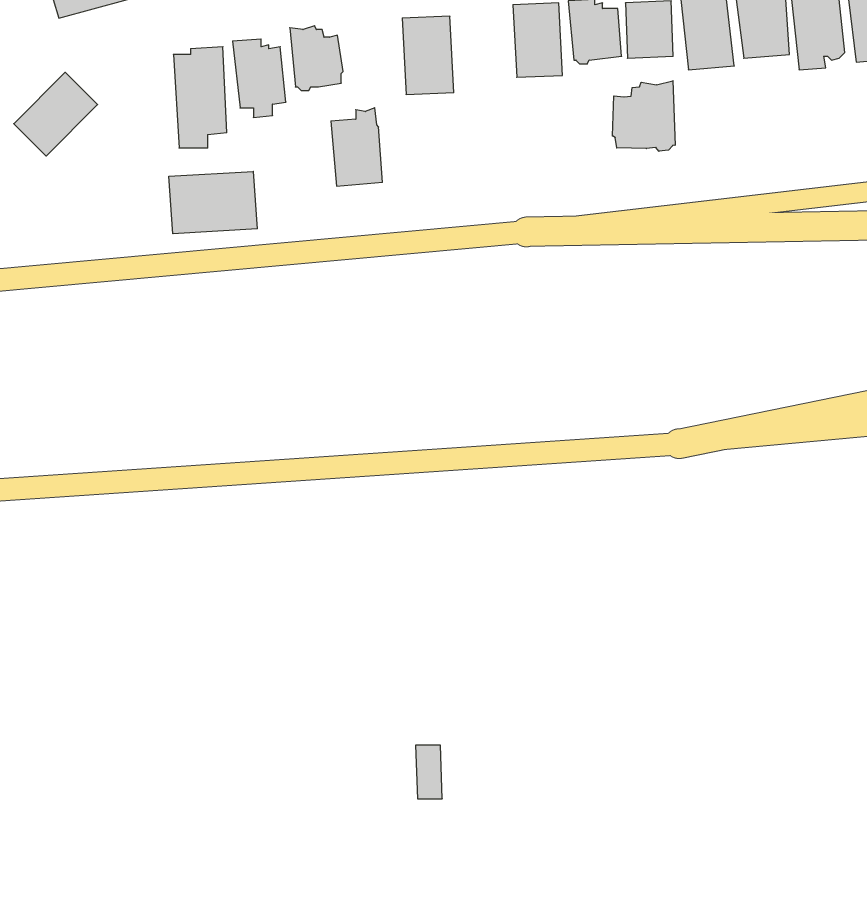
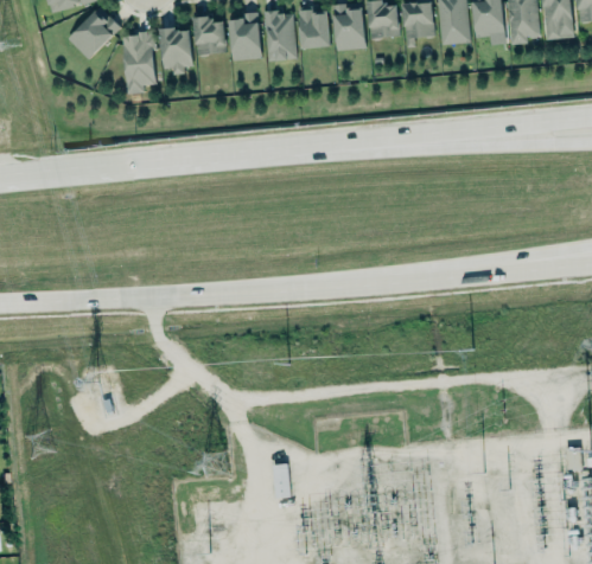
building: none -> [298,6,329,47]
building: [14,72,98,156] -> [66,6,119,58]
building: [612,81,675,151] -> none
building: [331,108,382,186] -> [229,12,261,60]
building: [169,171,257,234] -> none

